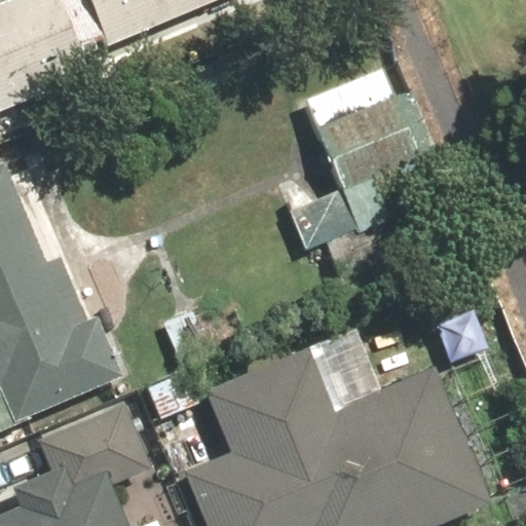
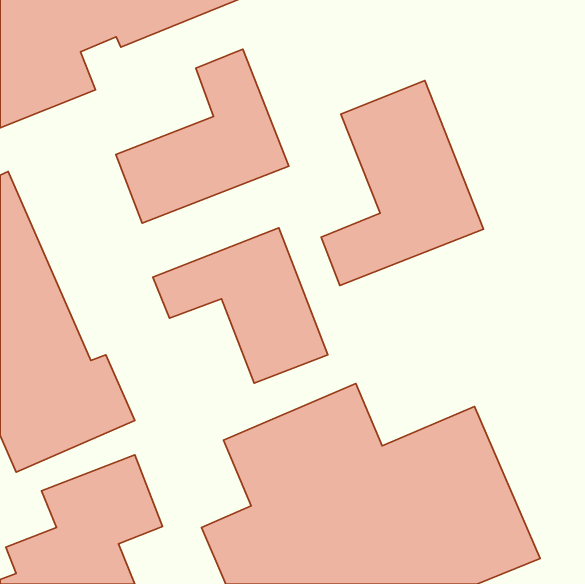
building: none -> [116,49,289,223]
building: none -> [153,228,328,383]

